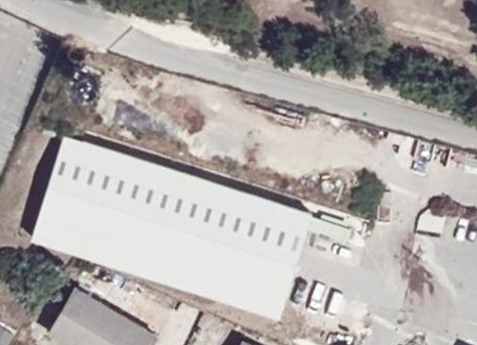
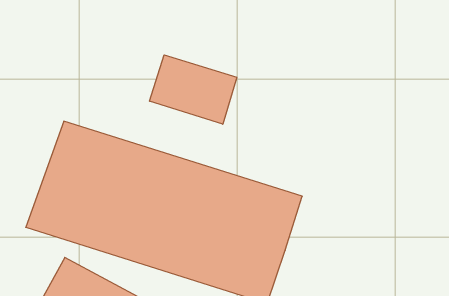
building: none -> [150,55,237,124]

